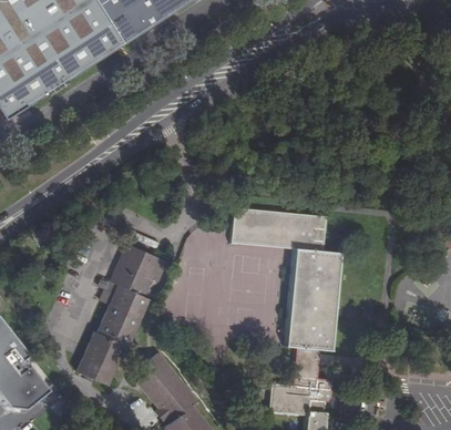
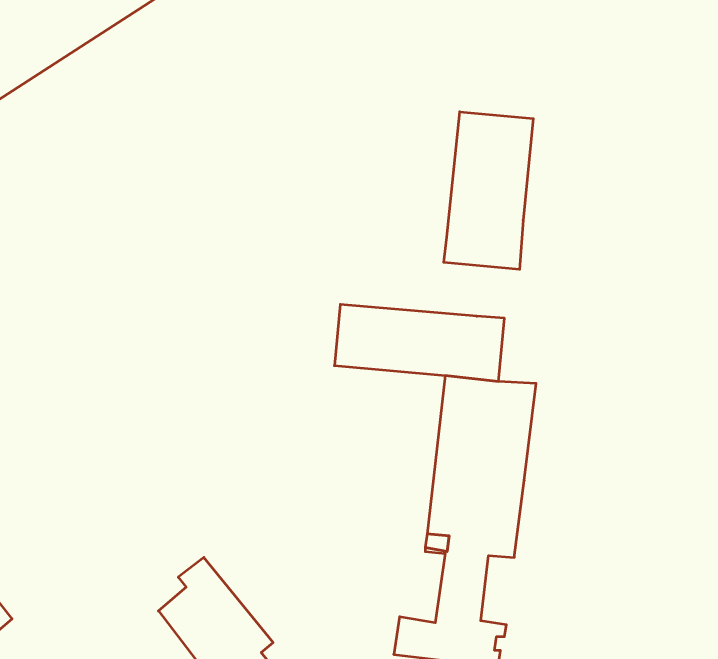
building: none -> [444,112,533,269]
building: [80,245,165,389] -> none

